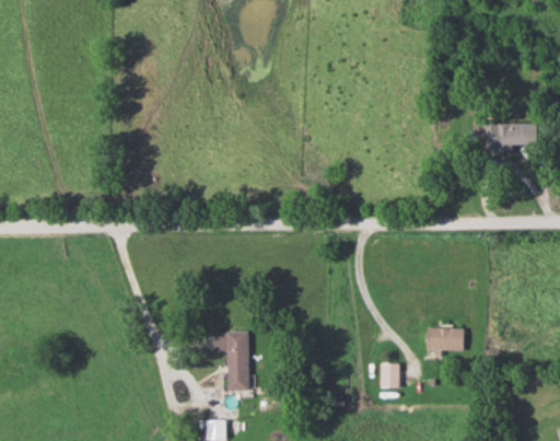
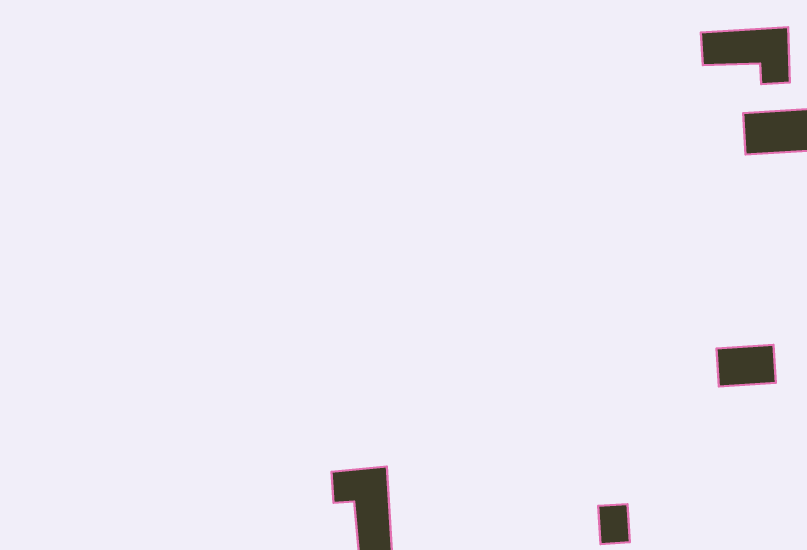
building: none -> [701,27,790,84]
building: [427,328,463,352] -> [716,345,776,386]

